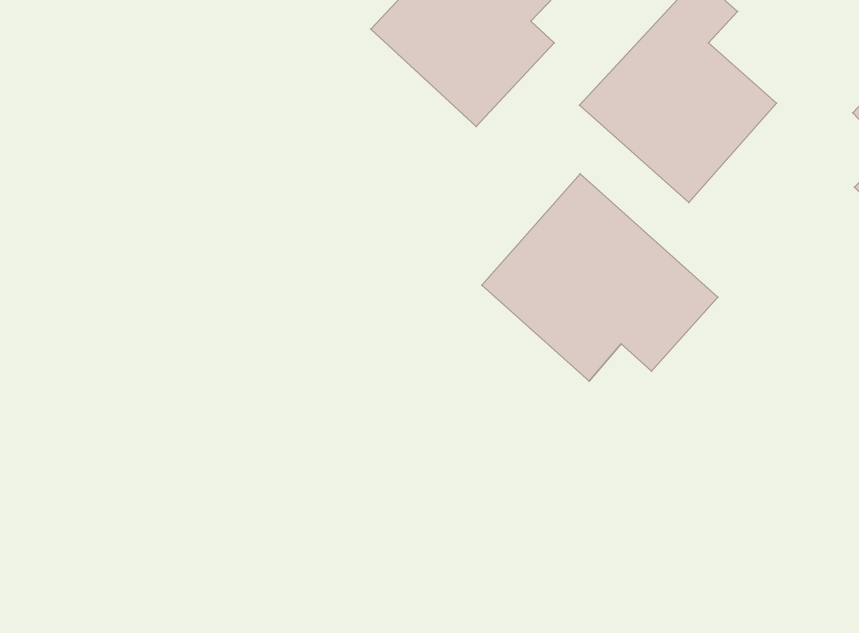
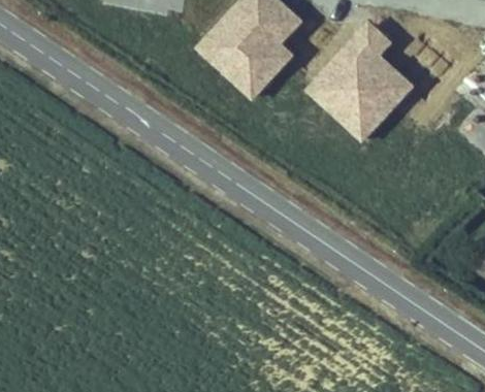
building: [482,174,718,381] -> none

